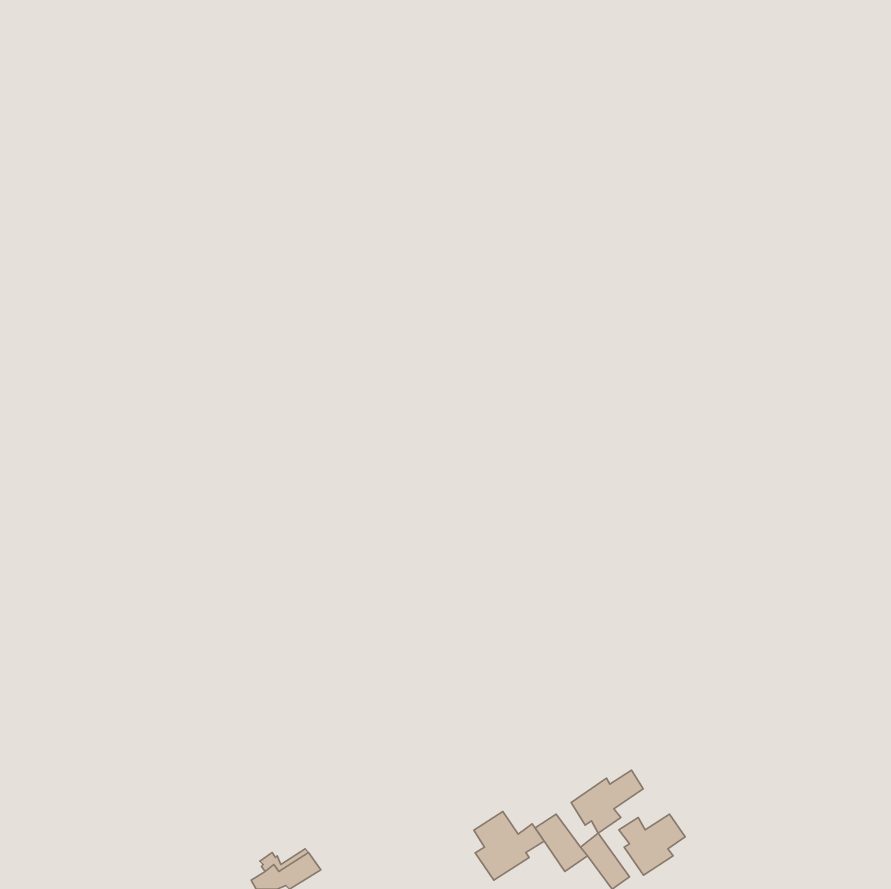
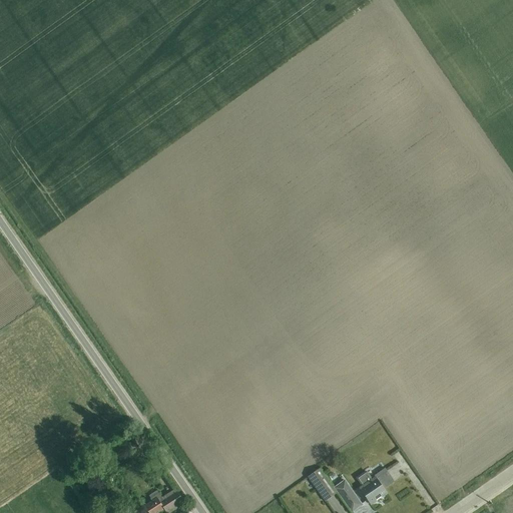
building: [571,770,643,833] -> none
building: [474,812,544,880] -> none

